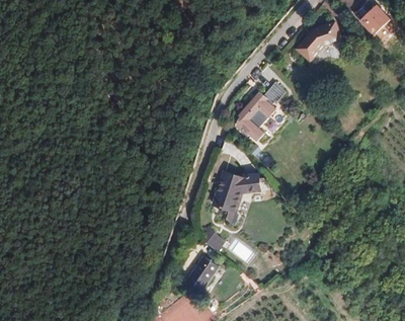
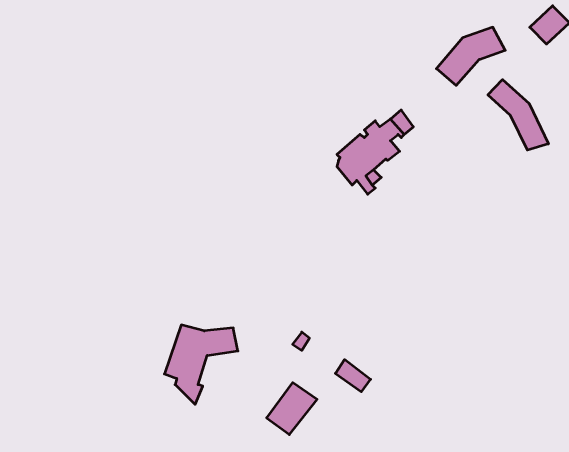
building: none -> [488,80,548,150]
building: [214,172,262,225] -> [164,325,238,404]

